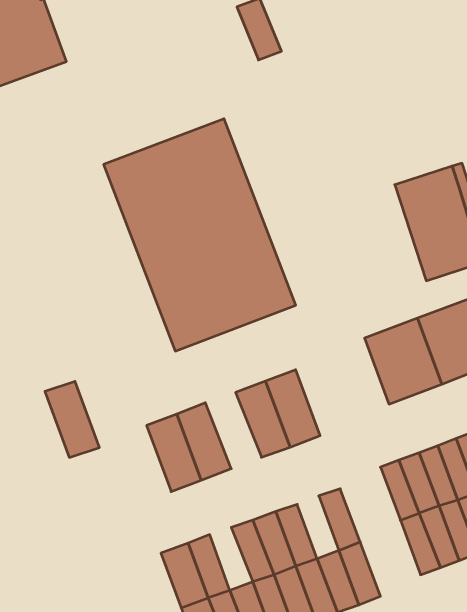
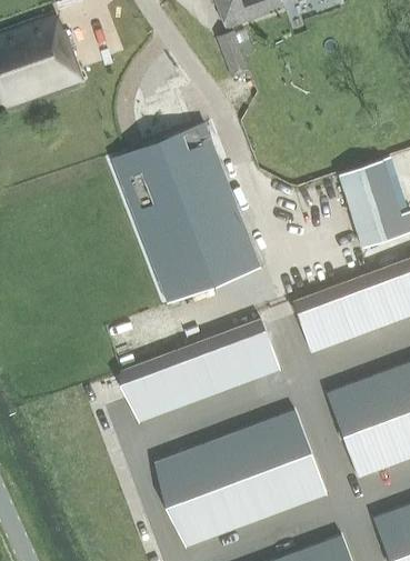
building: none -> [291,294,332,353]
building: [45,381,99,457] -> [121,362,163,421]
building: none -> [190,337,233,395]
building: none -> [261,417,293,465]
building: none -> [193,441,227,490]

